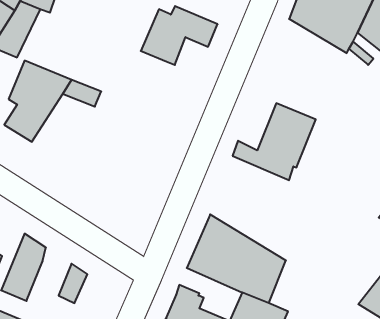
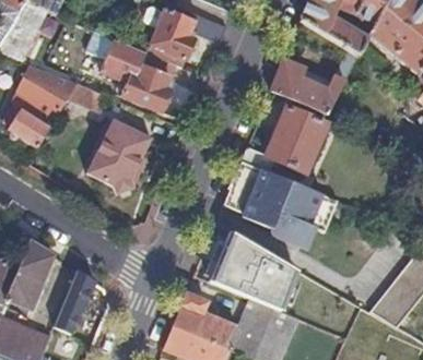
building: none -> [101,37,174,110]
building: none -> [271,58,345,112]
building: none -> [87,119,151,194]
building: none -> [223,159,337,240]

